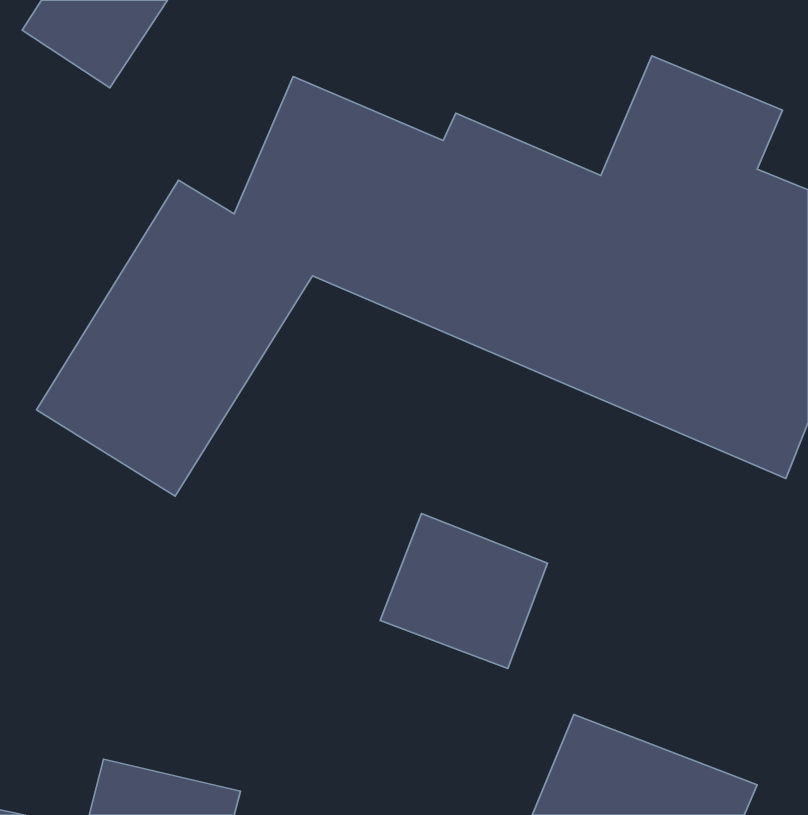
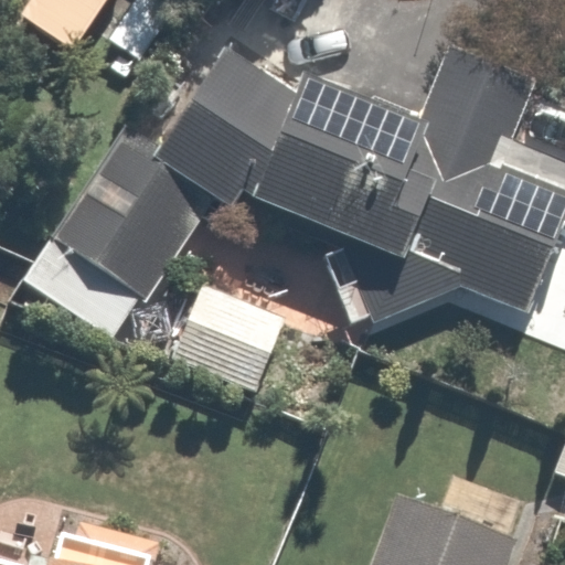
building: [380,514,548,668] -> [173,284,289,391]

